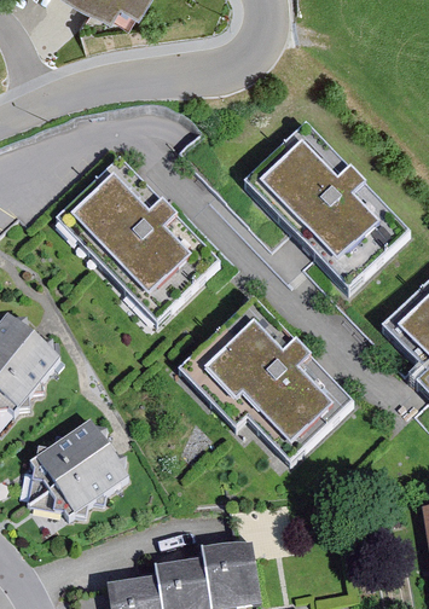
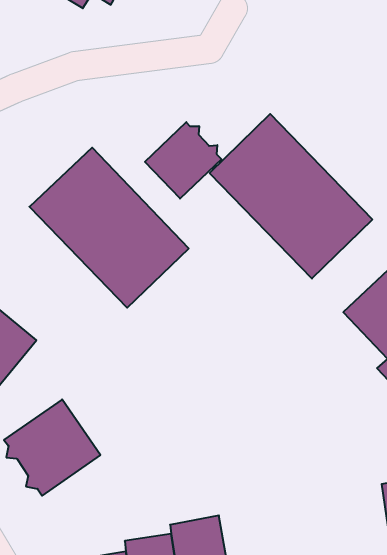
building: none -> [145,122,221,199]
building: [179,297,355,463] -> none

